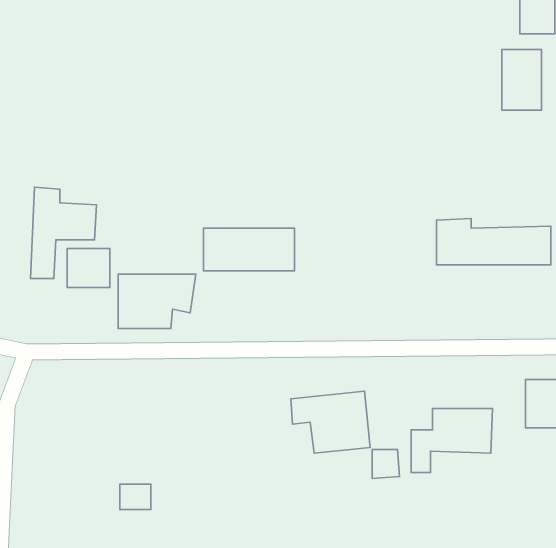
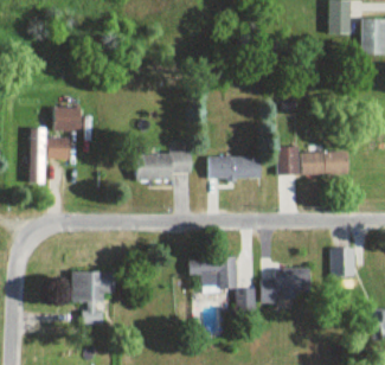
building: [502,50,542,110] -> none
building: none -> [208,158,261,181]
building: [67,249,110,287] -> [56,108,82,132]
building: [118,274,196,328] -> [70,268,117,301]

